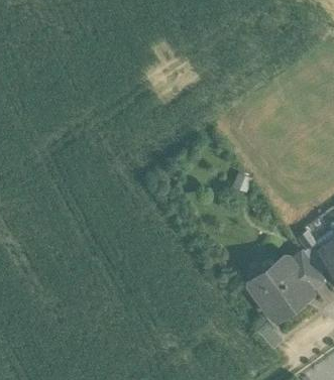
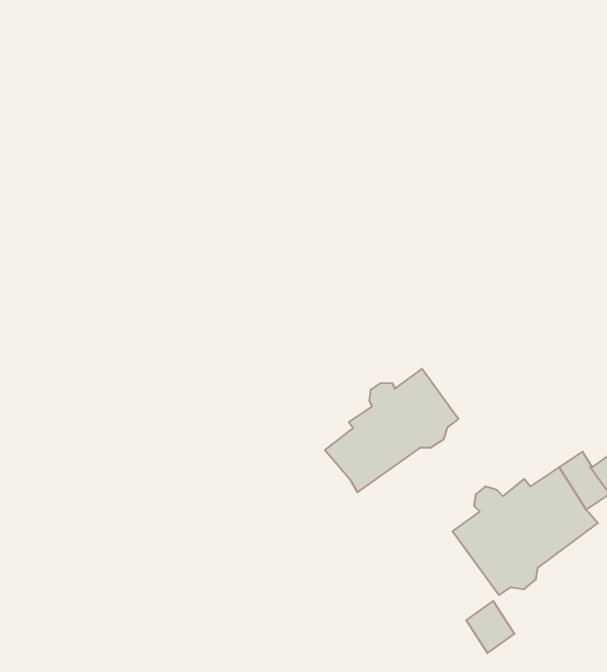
building: none -> [325,369,458,492]

